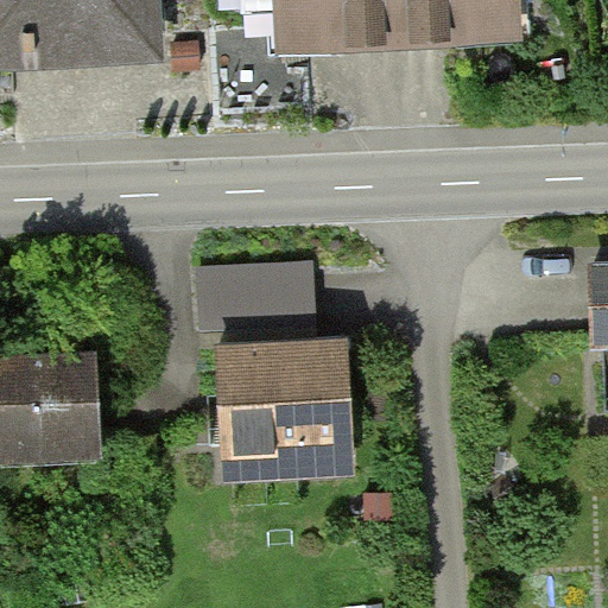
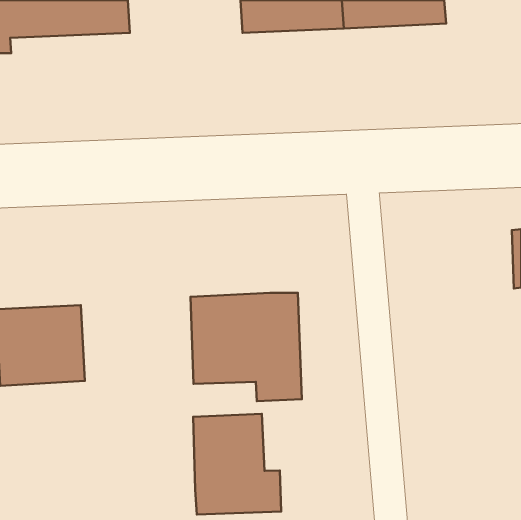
building: [200,266,314,349] -> none
building: none -> [193,414,281,515]

